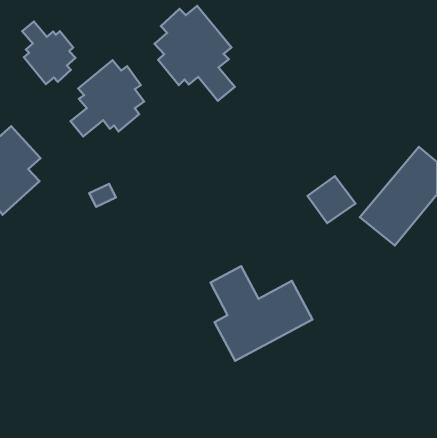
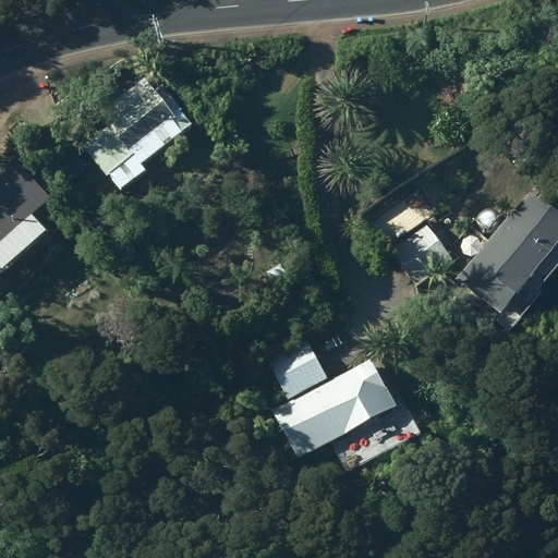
building: [154,6,235,101] -> none
building: [22,21,75,84] -> none

